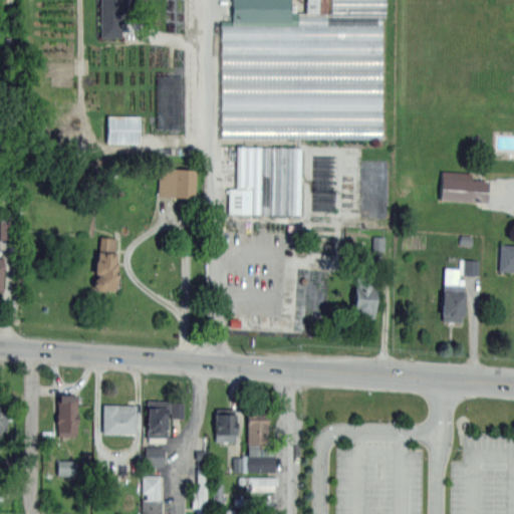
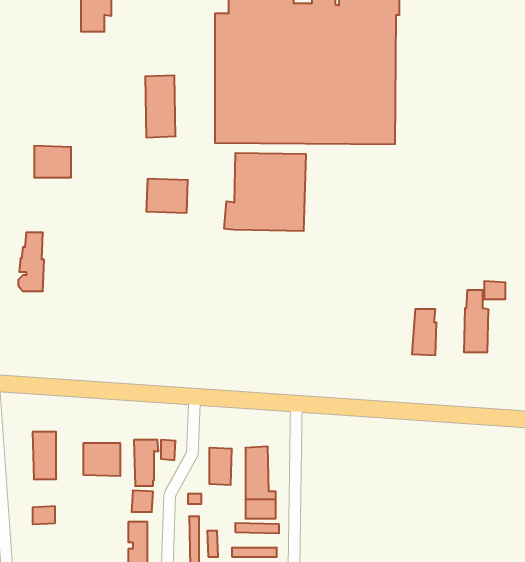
building: [108,116,142,145] -> [34,146,71,177]
building: [441,172,489,204] -> none
building: [94,238,117,290] -> [18,233,44,291]
building: [353,277,375,318] -> [412,309,437,355]

